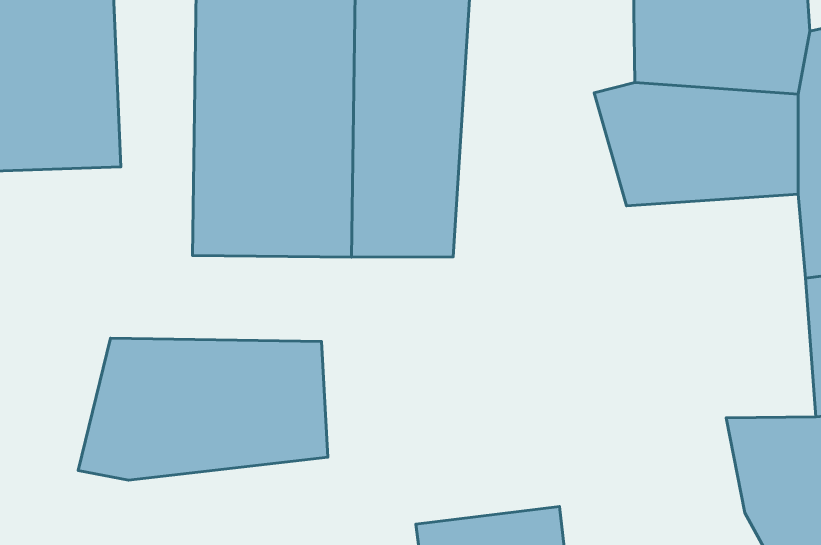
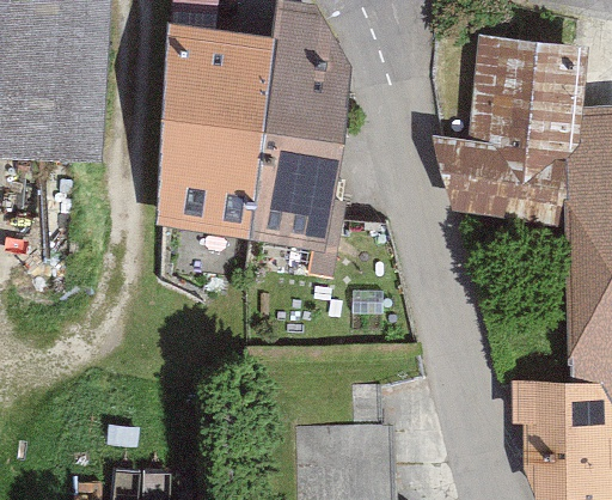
building: [78,338,328,480] -> none

